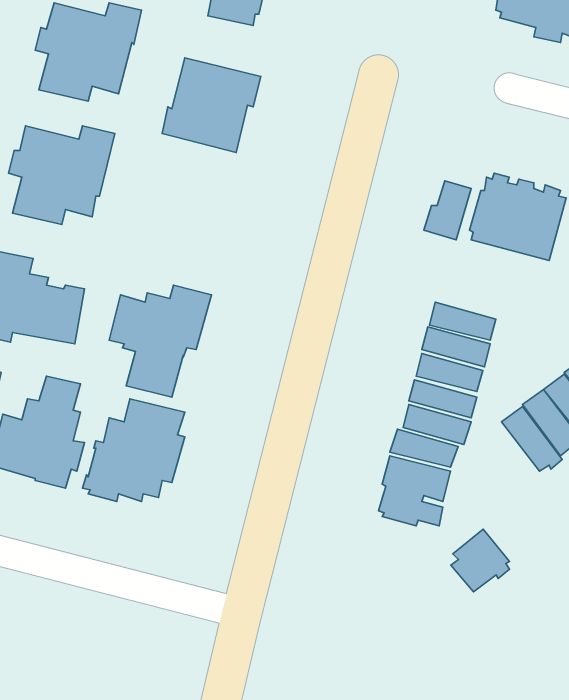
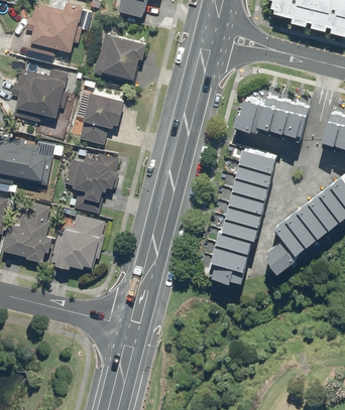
building: none -> [81,93,124,144]
building: none -> [239,148,274,170]
building: [451,529,510,592] -> [265,239,297,272]

